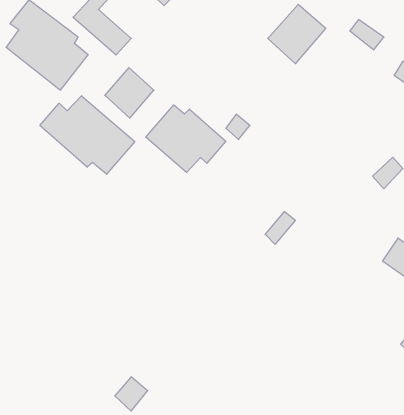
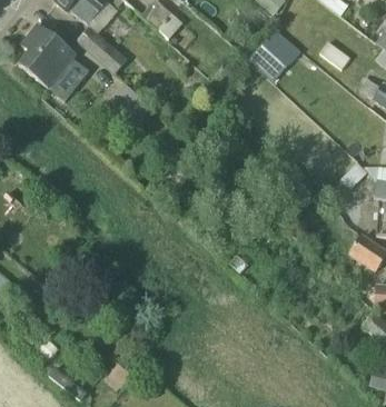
building: [40,96,135,174] -> none
building: [146,105,226,172] -> none

